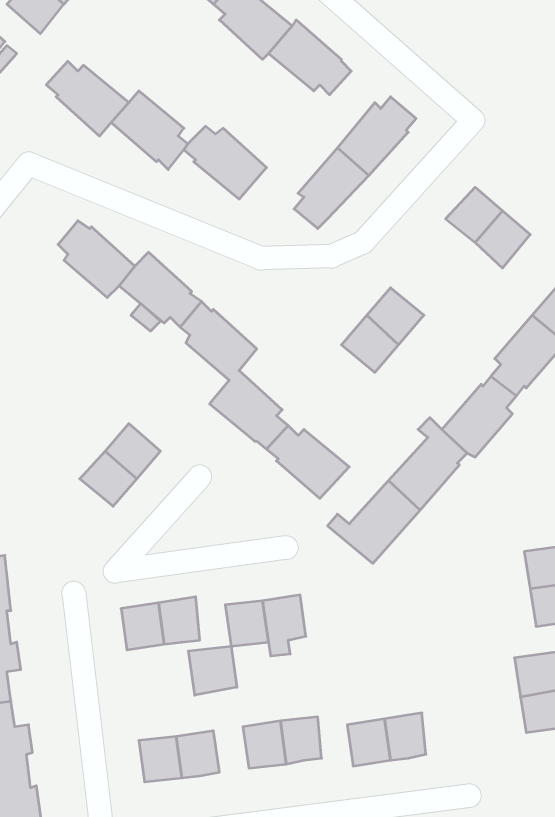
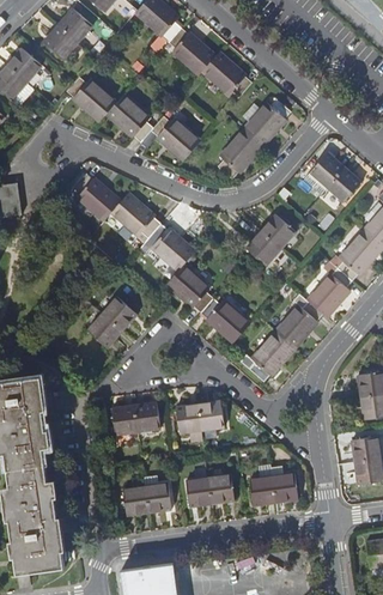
building: [188,646,237,695] -> none

